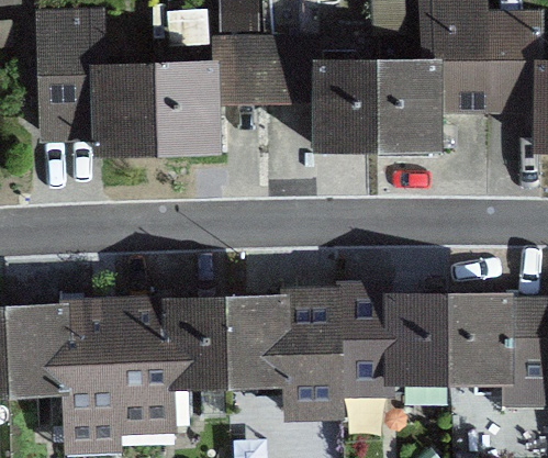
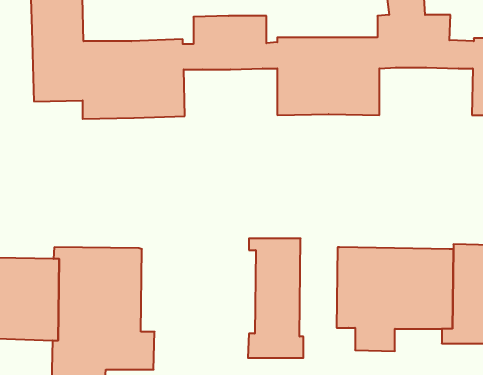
building: [334,279,395,396] -> none
building: [161,298,291,393] -> none

